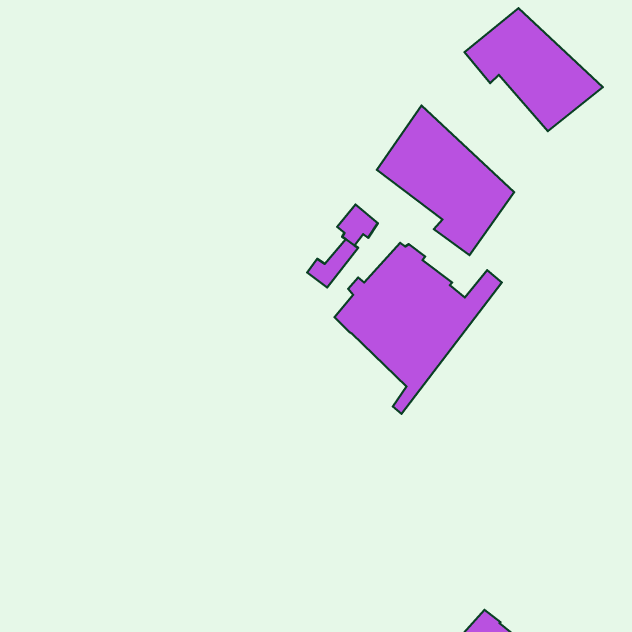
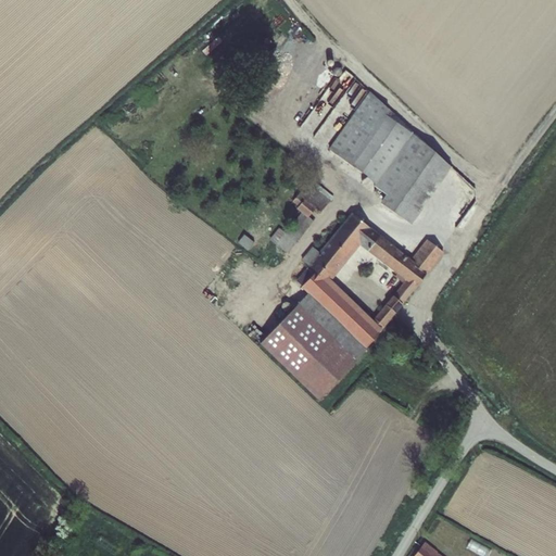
building: [464,8,603,131] -> none
building: none -> [261,293,357,401]

